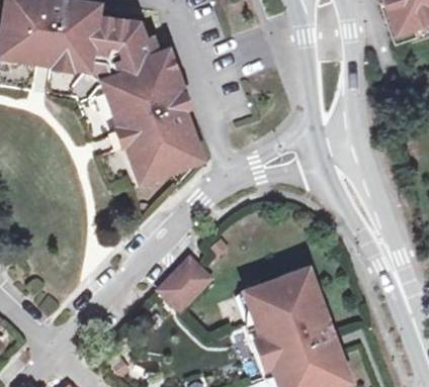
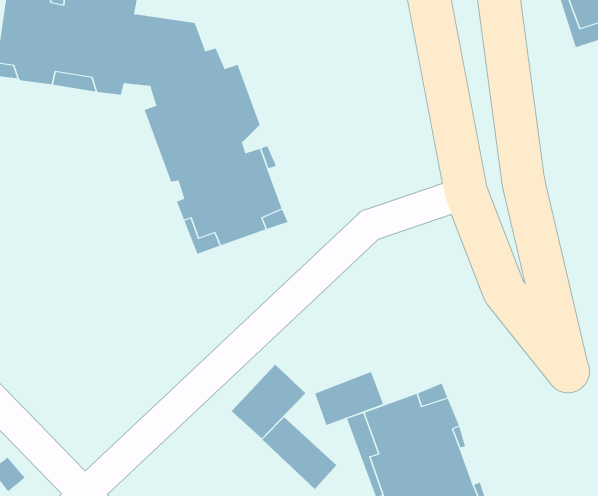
building: none -> [315,371,384,426]
building: none -> [261,417,337,490]

